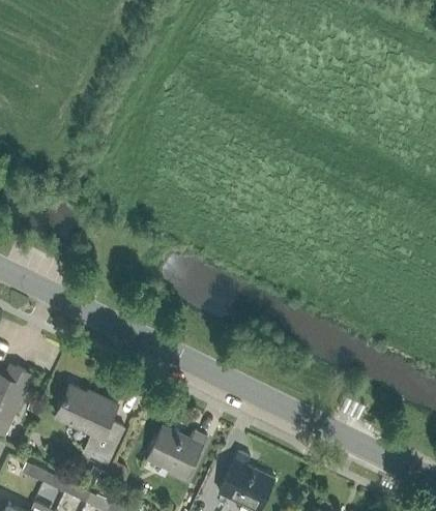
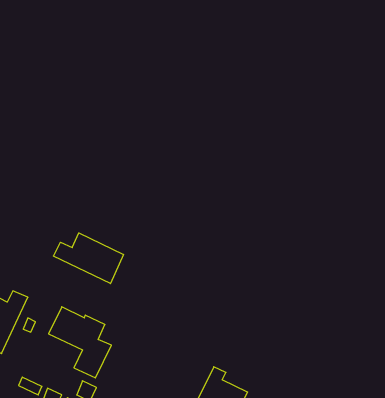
building: none -> [53,233,123,284]
building: [146,425,207,478] -> none

